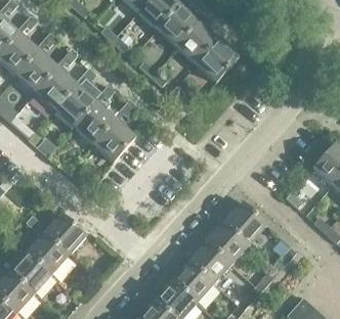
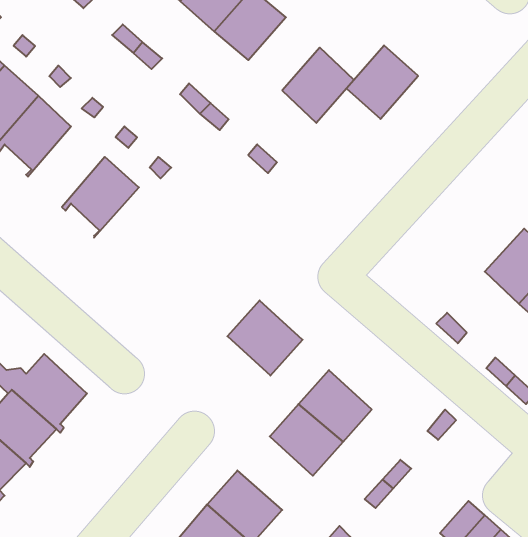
building: [178,21,219,63] -> [346,45,418,119]
building: [52,84,96,130] -> none
building: [90,119,136,162] -> none
building: [224,202,267,245] -> [227,300,303,376]
building: [172,261,215,303] -> none

